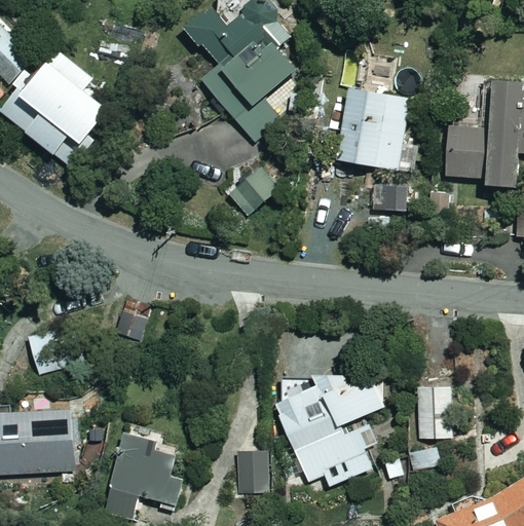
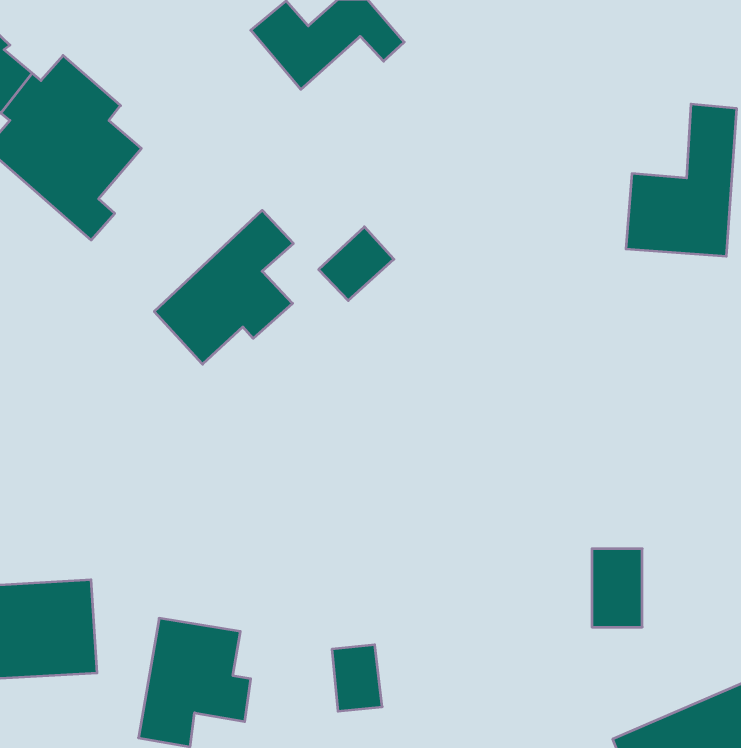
building: [200,29,292,145] -> none
building: [335,86,417,173] -> none
building: none -> [154,210,293,364]
building: [272,370,383,488] -> none

